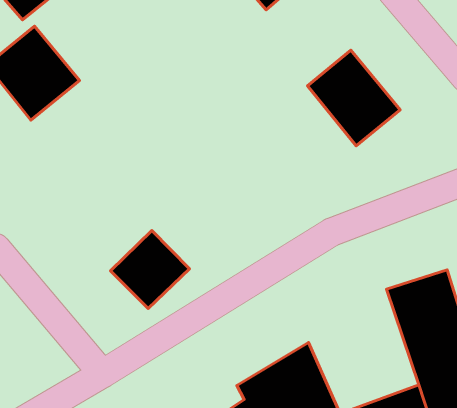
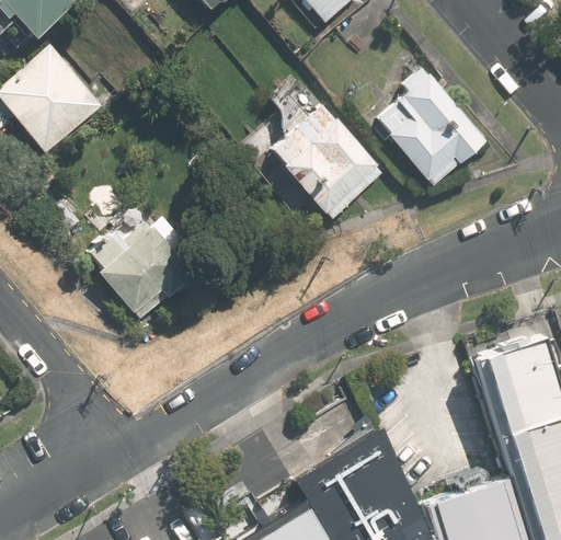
building: none -> [270,103,382,220]
building: [110,230,190,308] -> [95,222,190,315]

